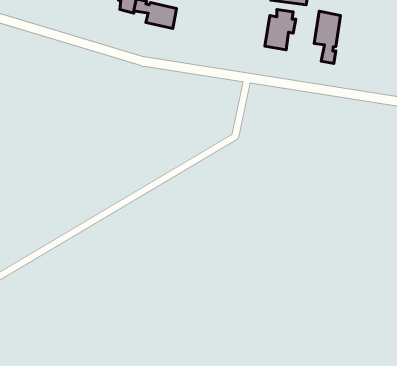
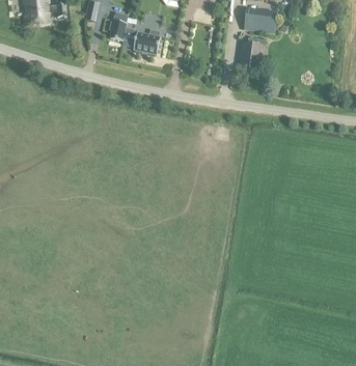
building: [314,11,341,64] -> none

